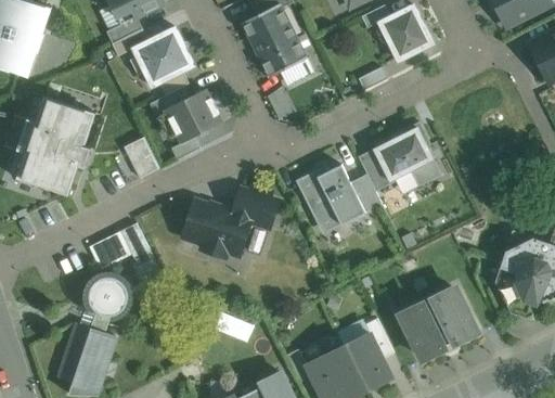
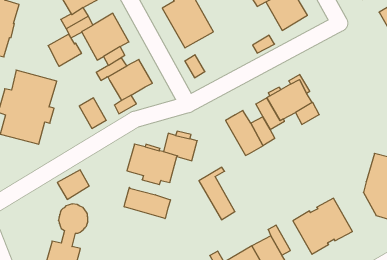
building: none -> [48,34,81,66]
building: [295,165,340,234] -> [199,167,235,220]
building: [120,223,153,266] -> none
building: none -> [124,187,170,219]

